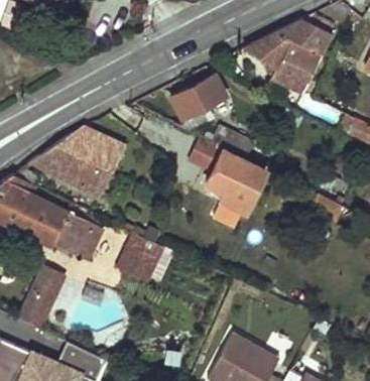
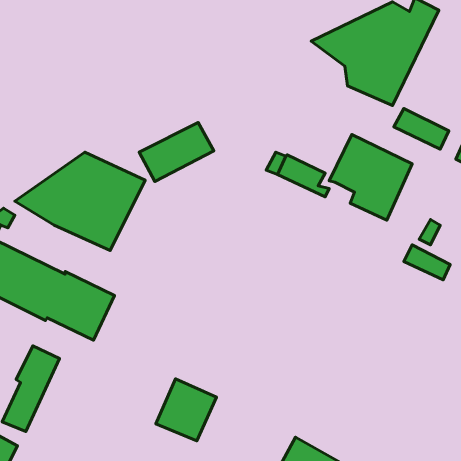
building: [171,78,225,120] -> [139,123,214,182]
building: [206,150,265,212] -> [329,134,412,220]
building: [120,234,163,278] -> [156,379,216,441]

